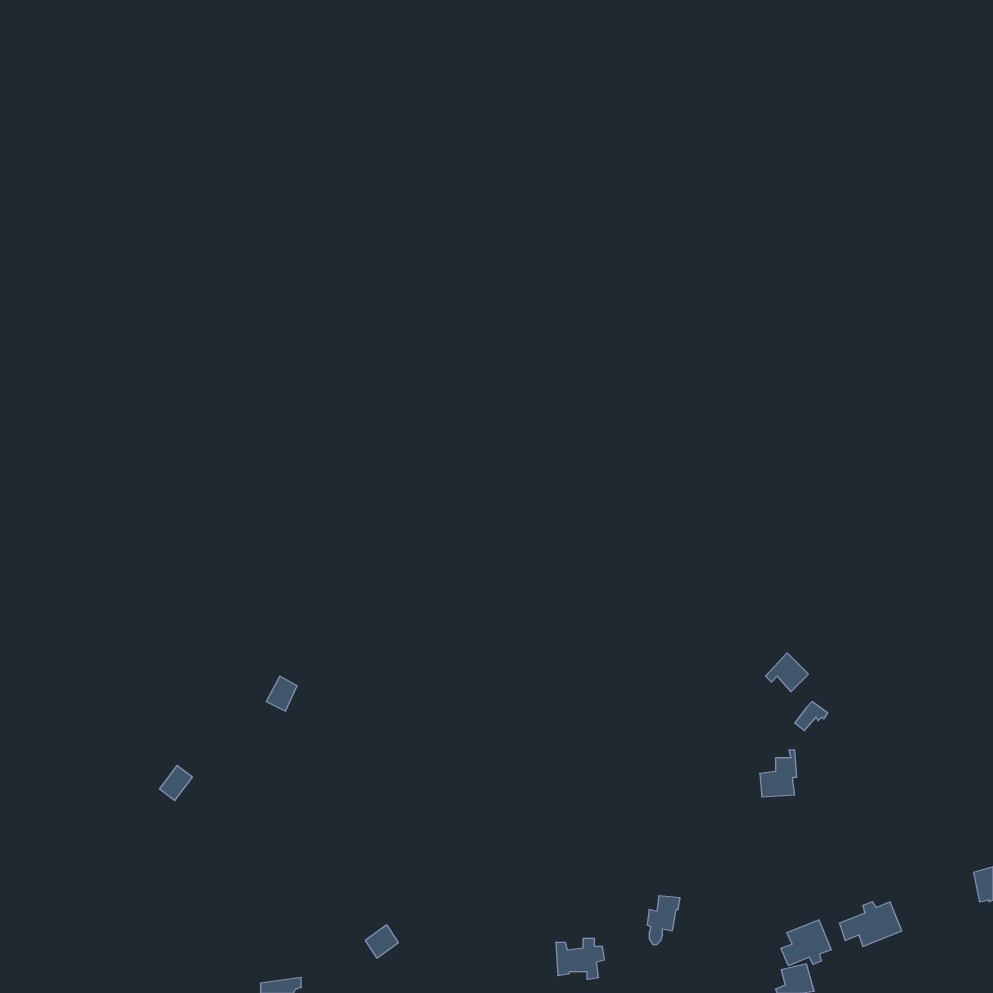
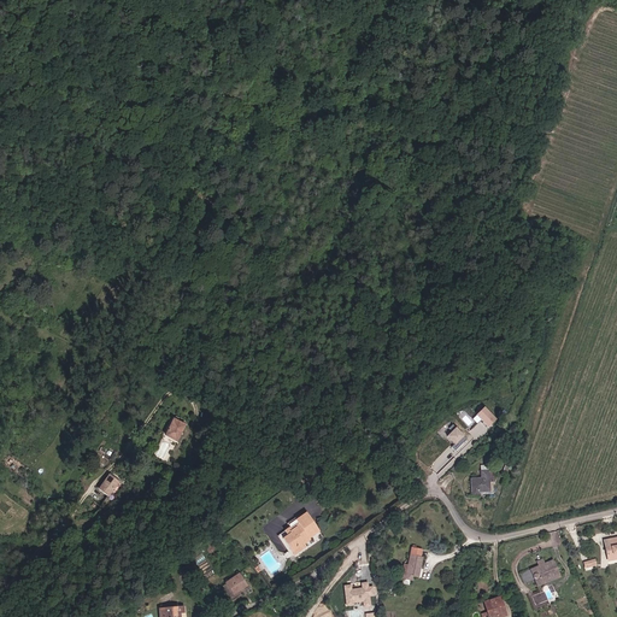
building: none -> [281,512,318,556]
building: [781,920,831,966] -> none

